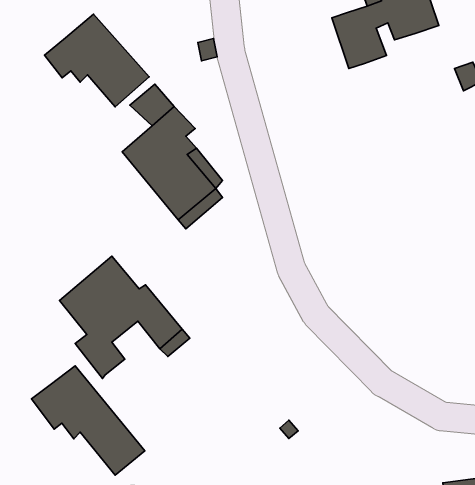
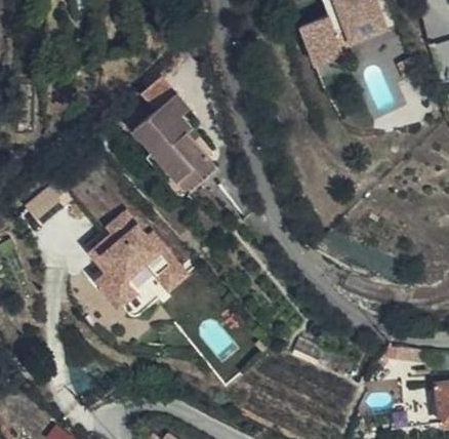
building: [44,14,149,107] -> none
building: [31,366,145,475] -> none

